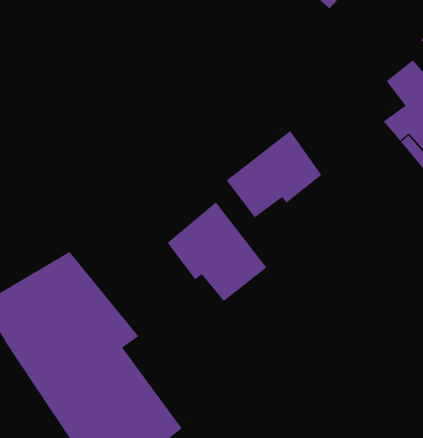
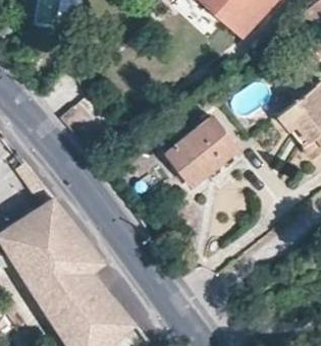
building: [167,201,267,302] -> none

